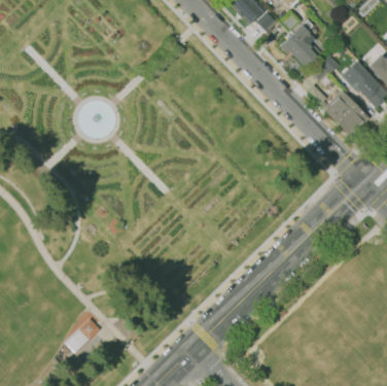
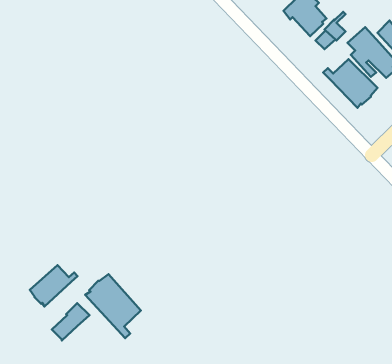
building: none -> [30,265,78,307]
building: none -> [85,274,141,338]

